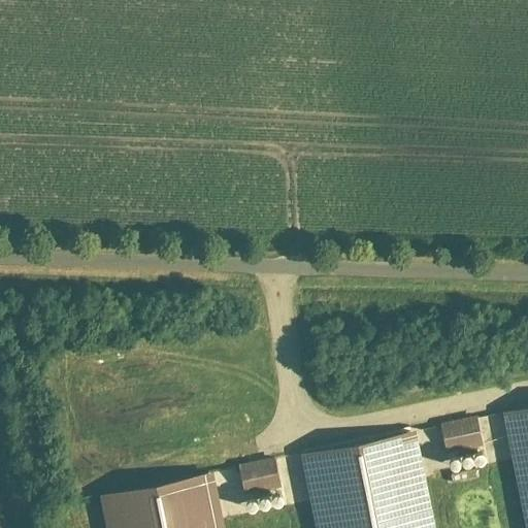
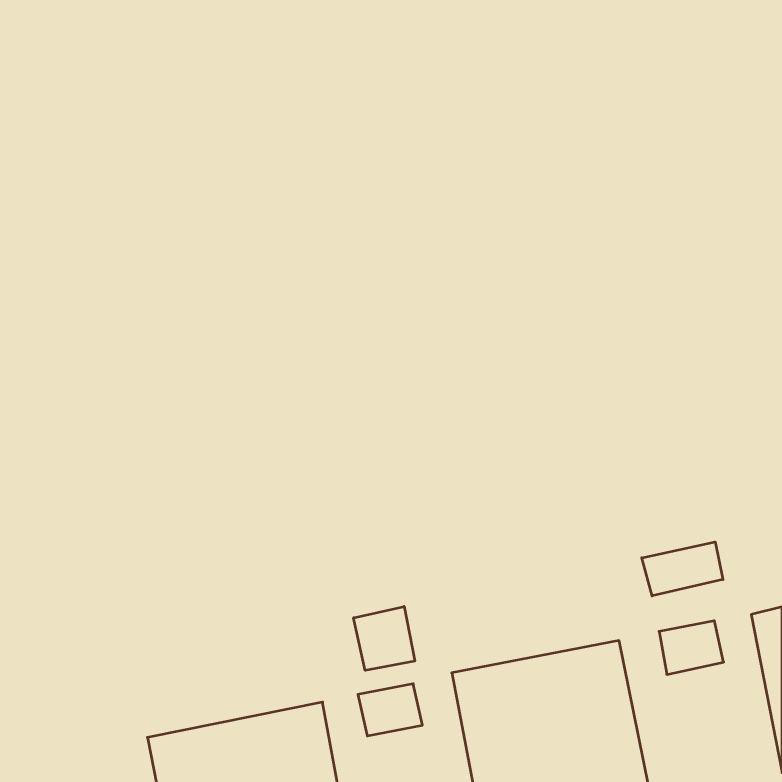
building: none -> [642,542,723,596]
building: none -> [354,606,415,670]

